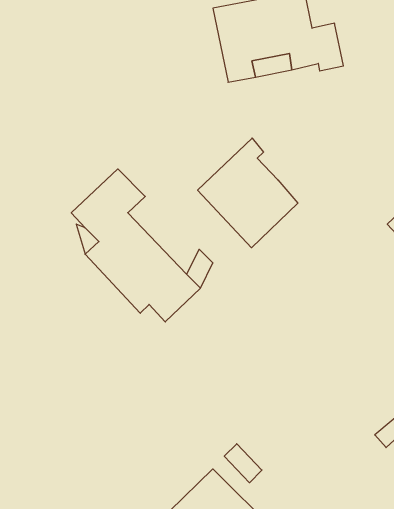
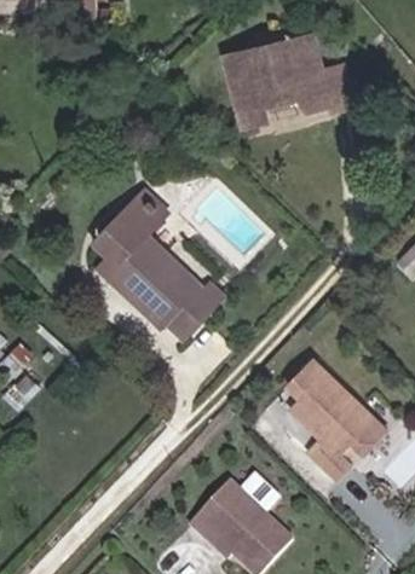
building: [198,138,298,248] -> none
building: none -> [292,352,391,474]

